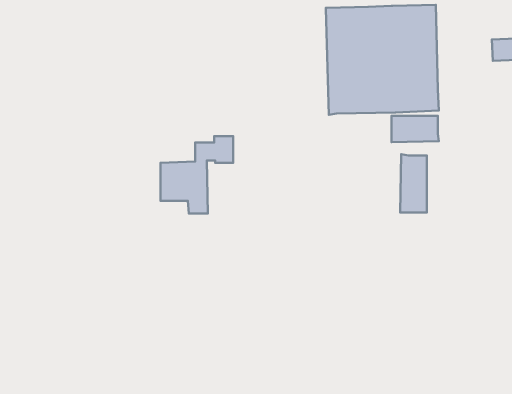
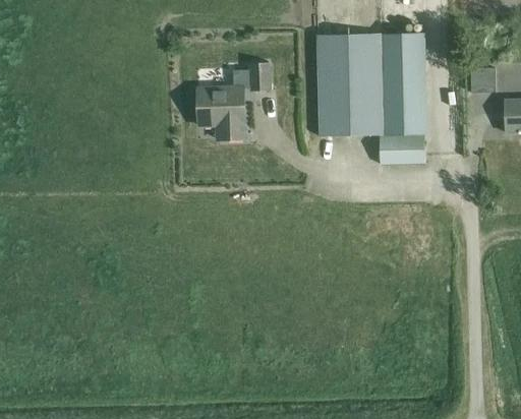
building: [160,136,233,213] -> [198,64,269,138]
building: [400,154,427,212] -> none

